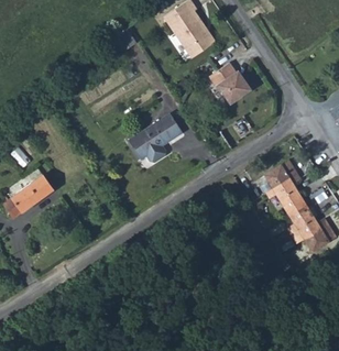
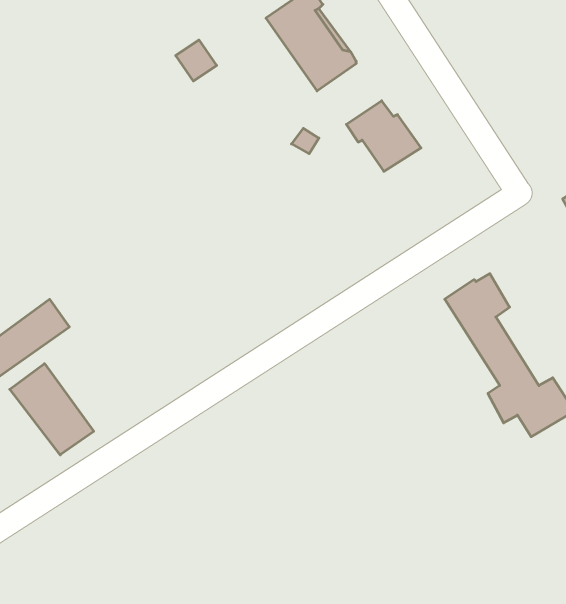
building: [129,113,183,161] -> none
building: none -> [10,364,94,455]

